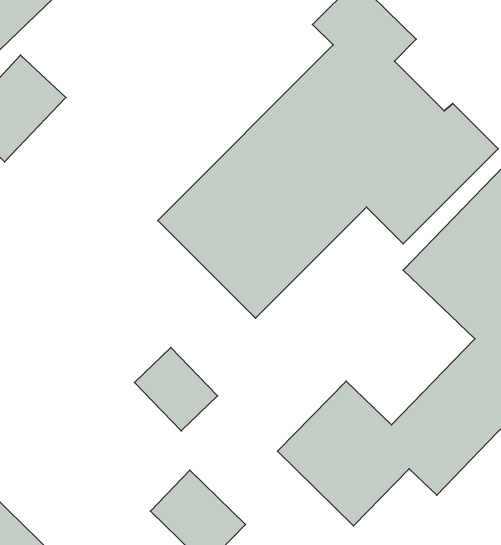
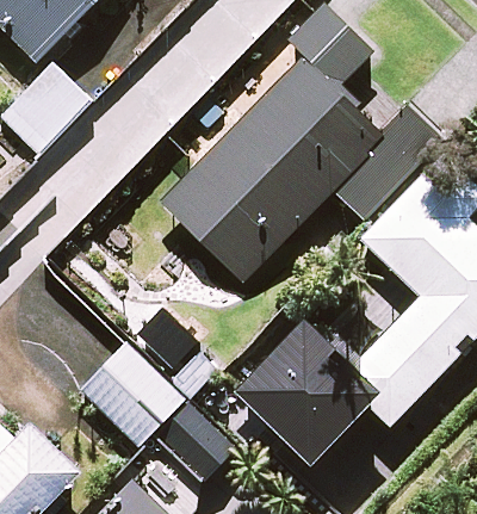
building: none -> [80,343,182,446]

